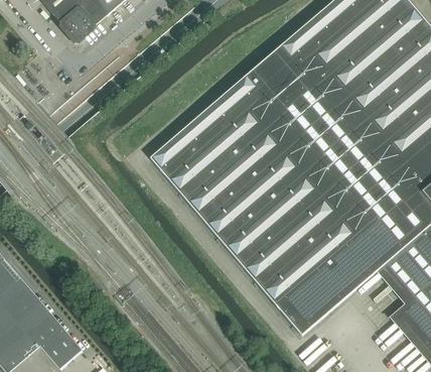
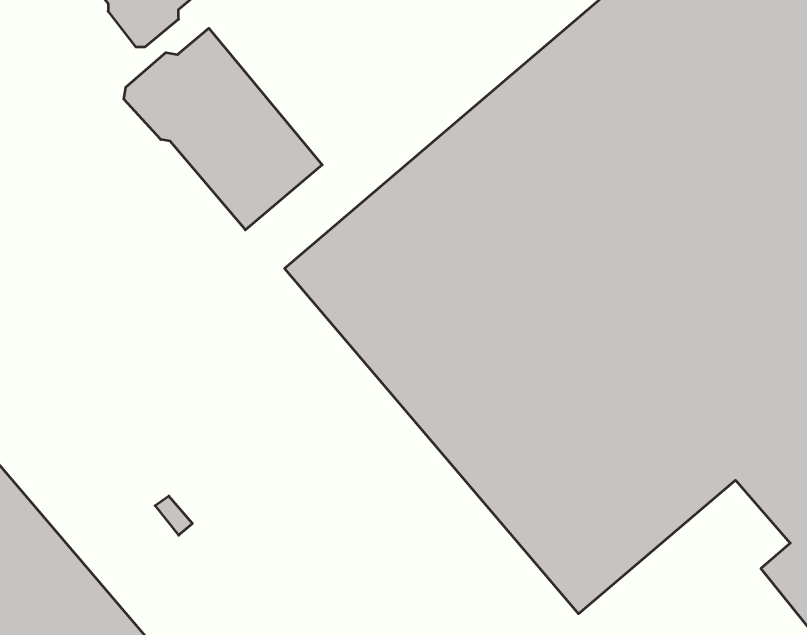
building: none -> [124,28,322,230]

